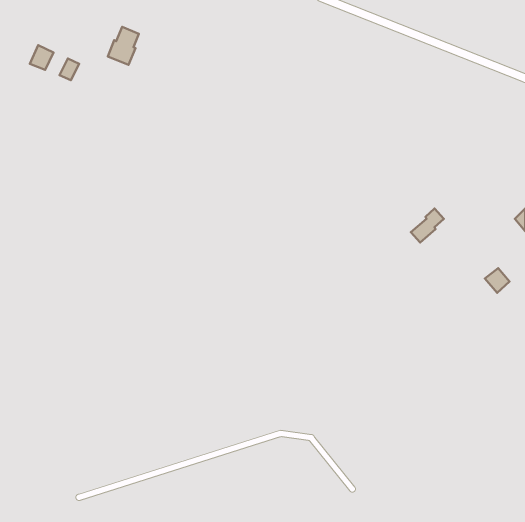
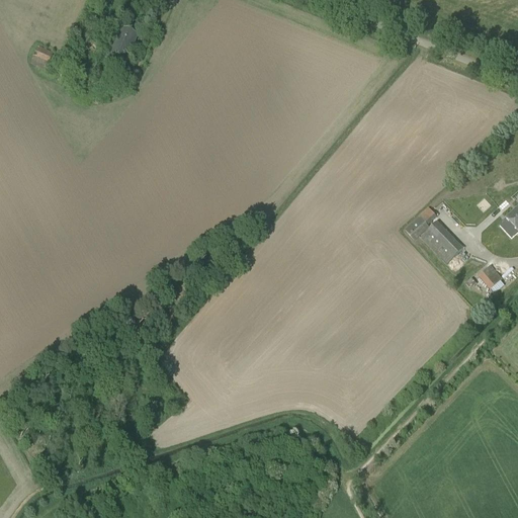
building: none -> [420,220,463,263]

